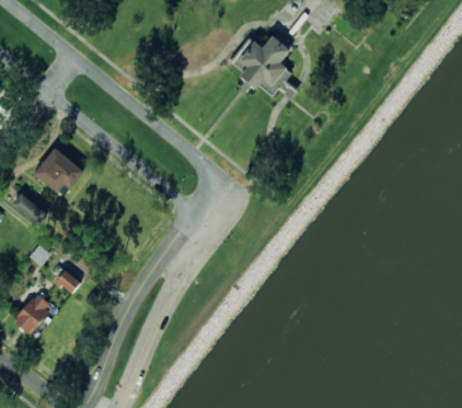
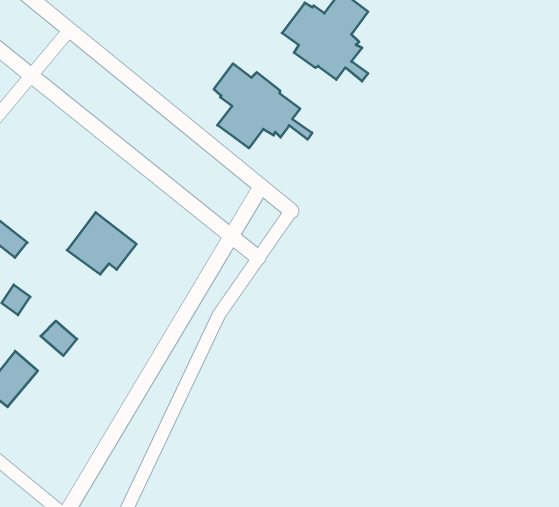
building: none -> [214,64,312,148]
building: [33,148,83,193] -> [67,212,136,274]

